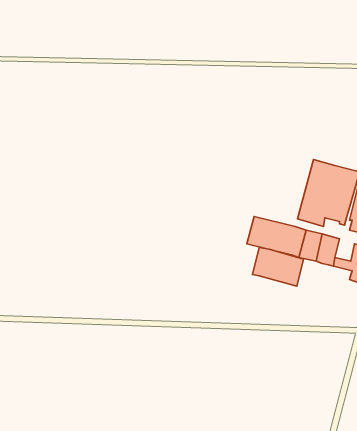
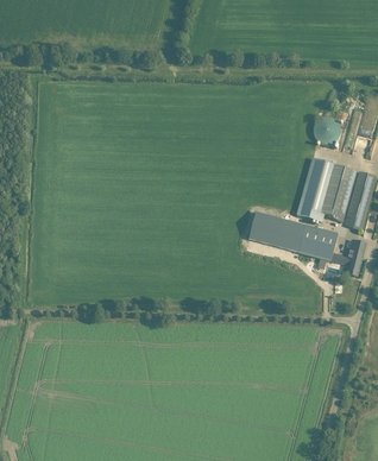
building: none -> [313,116,340,144]
building: [252,248,304,286] -> none

